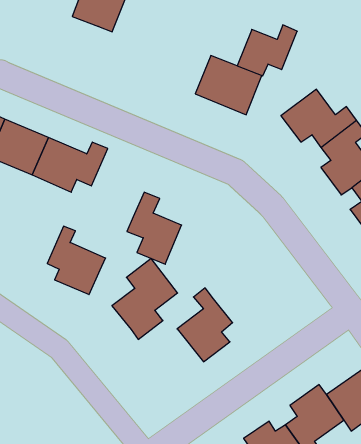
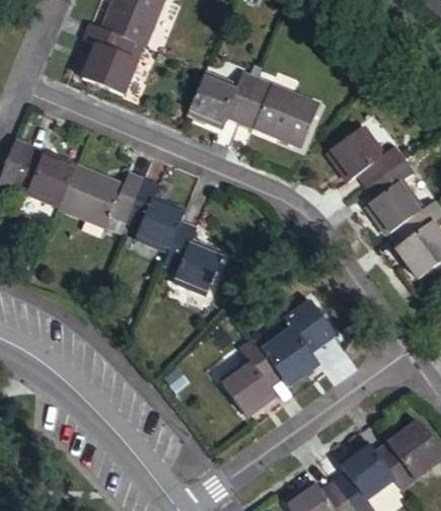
building: none -> [79,26,137,97]
building: [237,25,297,76] -> [187,69,253,126]
building: [47,226,106,295] -> [121,179,186,255]
building: [112,258,178,339] -> [256,294,329,384]

